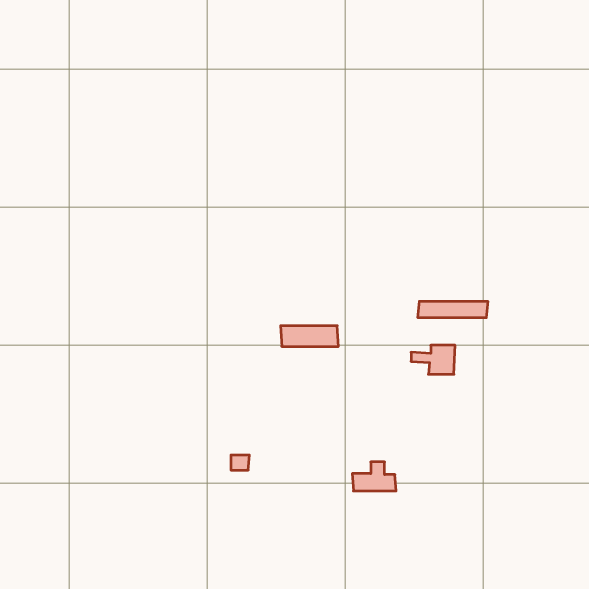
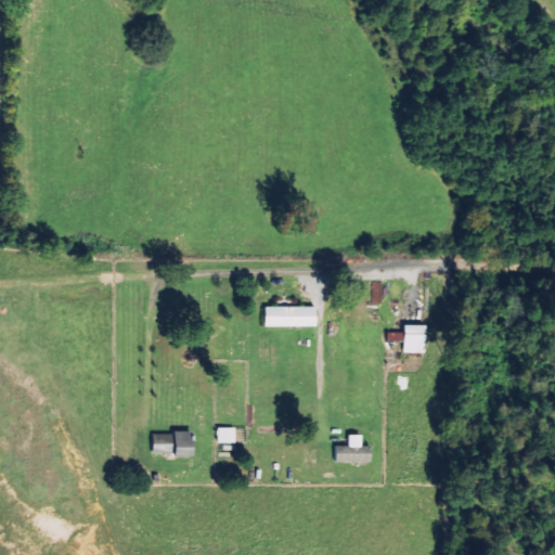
building: [418,301,488,318] -> none
building: none -> [152,433,194,456]

